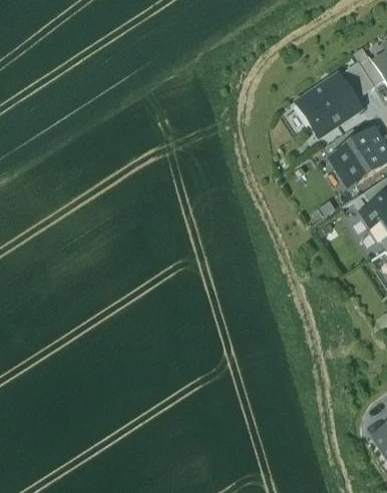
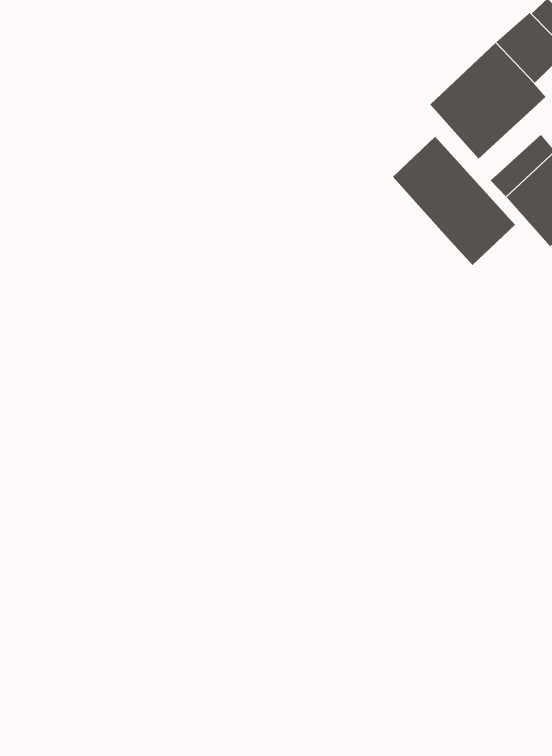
building: none -> [392,136,516,266]

